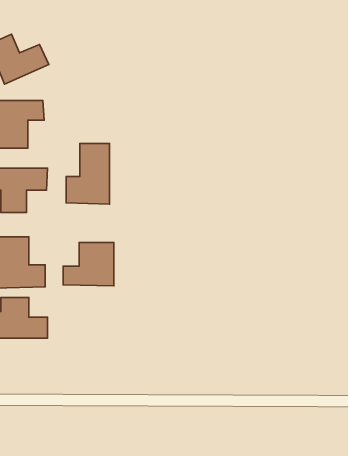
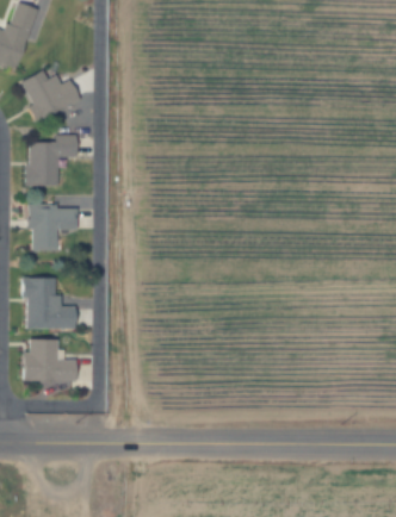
building: [66,144,110,204] -> none
building: [63,243,114,286] -> none

